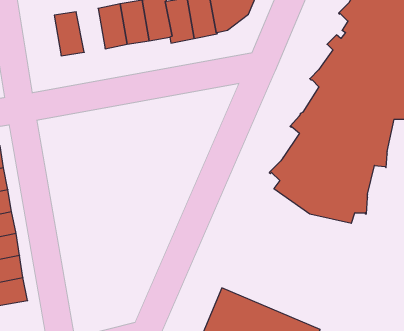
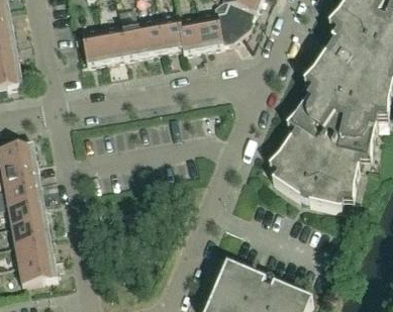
building: none -> [99,22,124,61]

